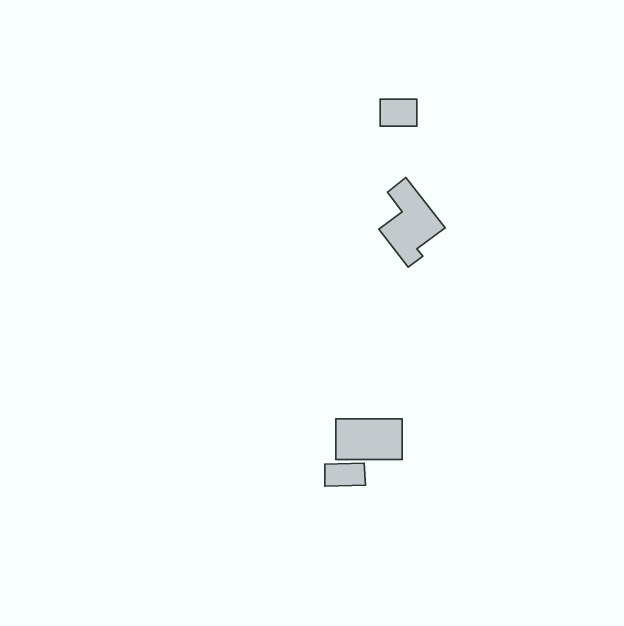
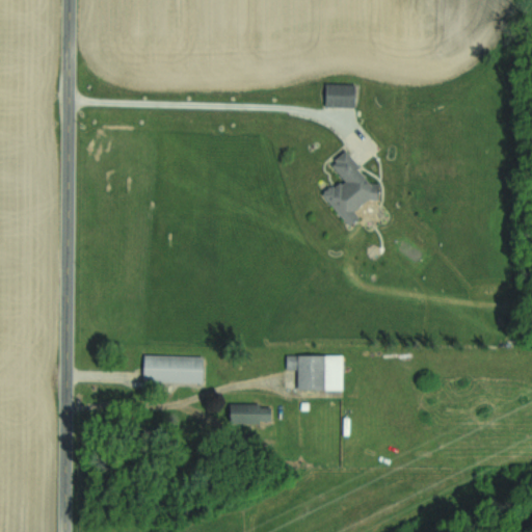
building: none -> [142,355,203,383]
building: [325,463,365,486] -> [229,403,263,423]

